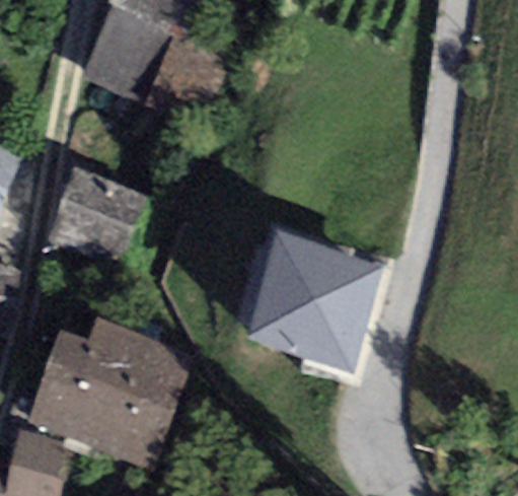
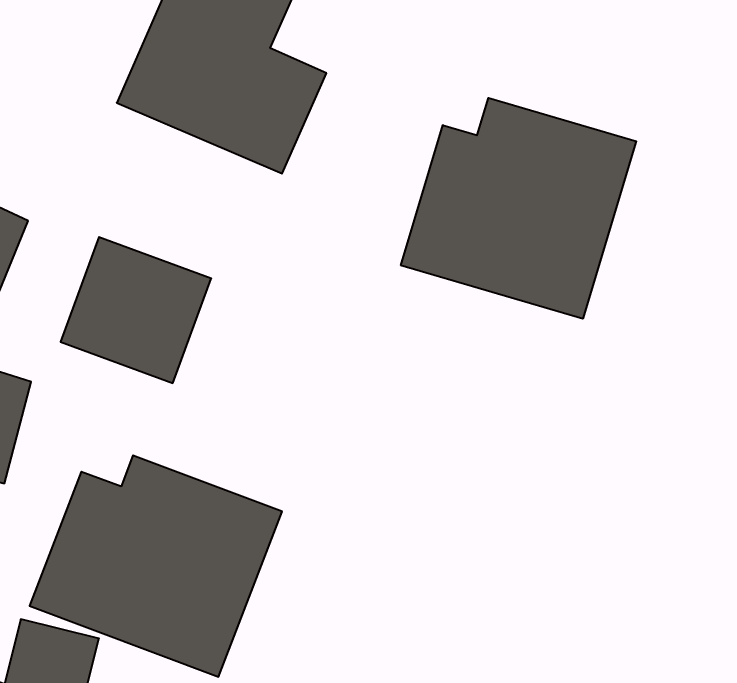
building: none -> [401,98,636,319]
building: [237,230,382,372] -> none

